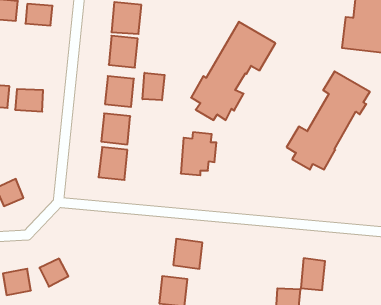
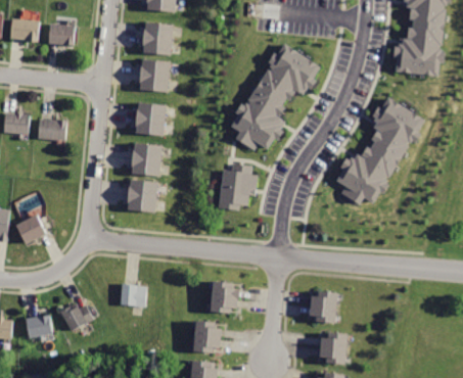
building: [143,73,165,100] -> none
building: none -> [121,282,149,310]
building: [301,258,325,290] -> [310,290,336,325]

